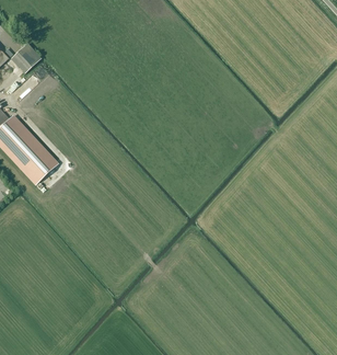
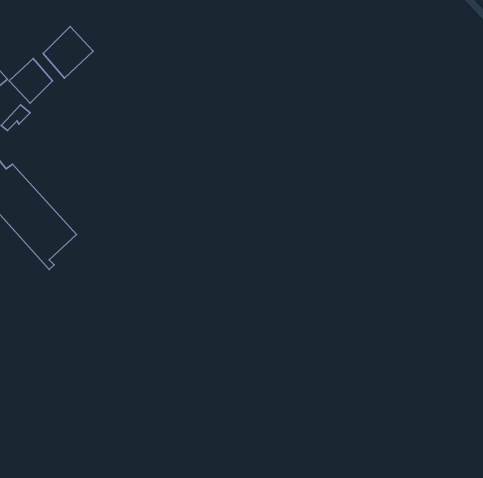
building: none -> [43,26,93,78]

